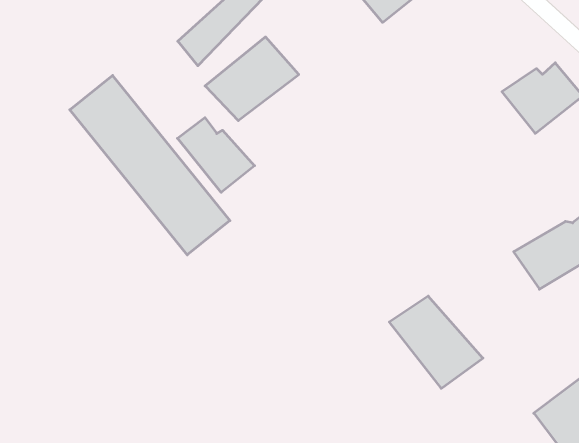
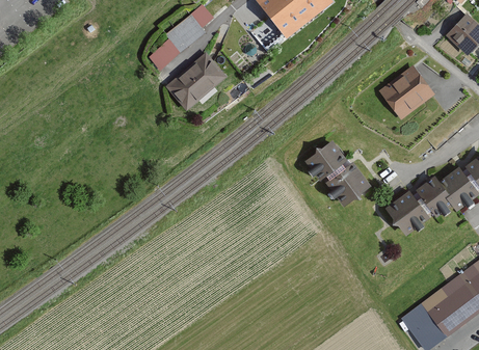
building: [70,75,230,255] -> none
building: [177,118,255,192] -> none
building: [389,296,483,388] -> [304,139,372,206]

